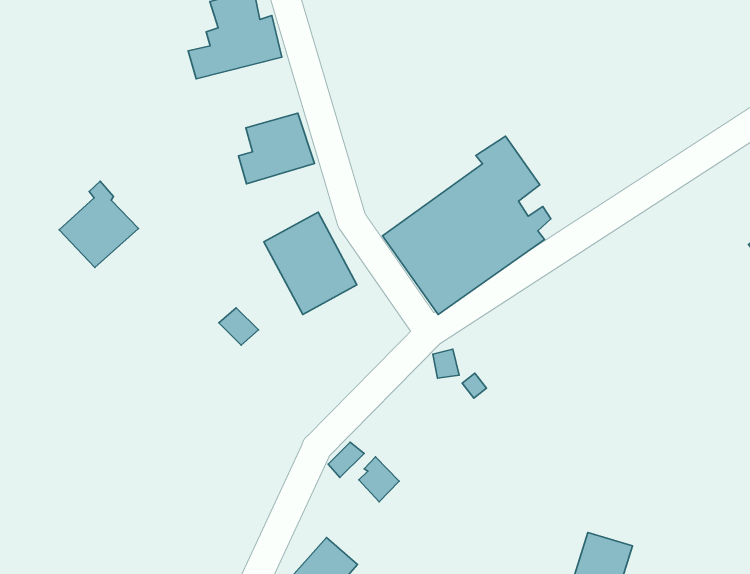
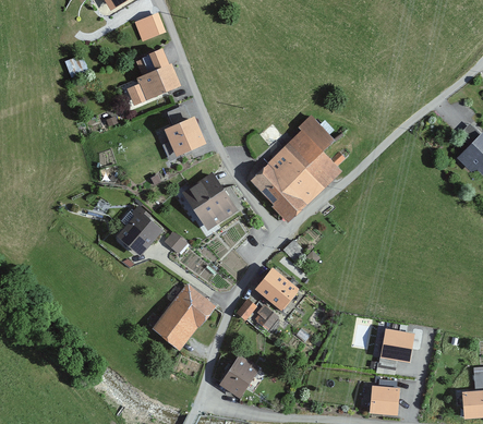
building: [59,181,138,267] -> [118,206,162,255]
building: none -> [255,267,299,310]
building: none -> [150,283,216,351]

